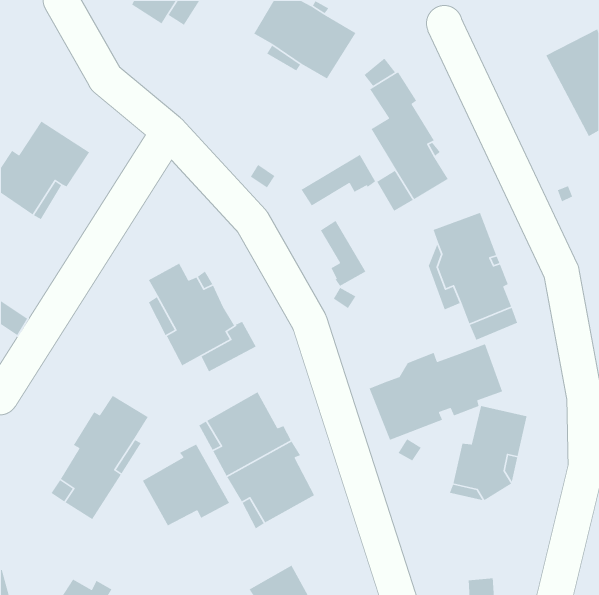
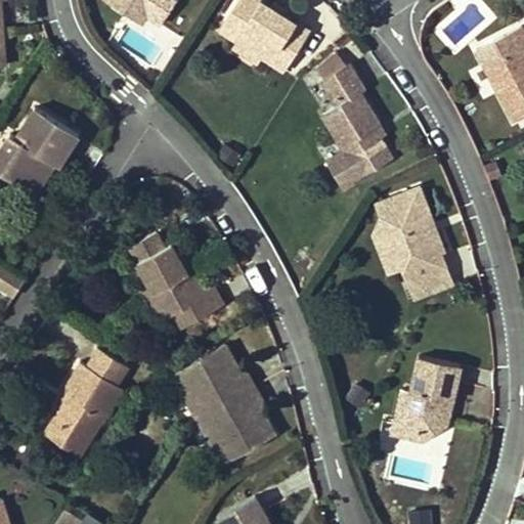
building: [301,154,376,206] -> none
building: [320,220,366,287] -> none
building: [368,343,503,441] -> none
building: [142,444,230,527] -> none

